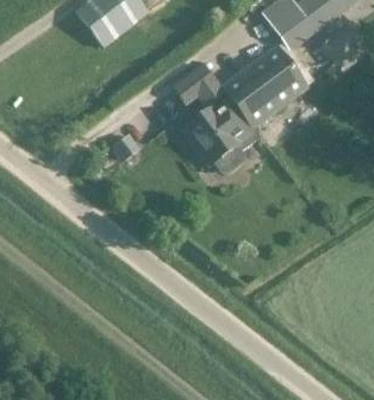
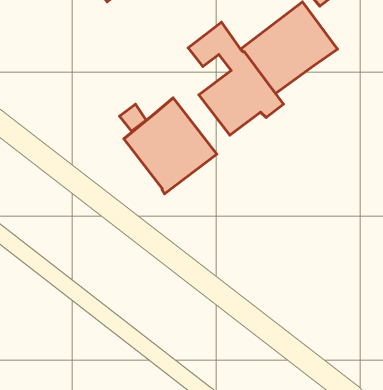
building: none -> [124,98,217,194]

